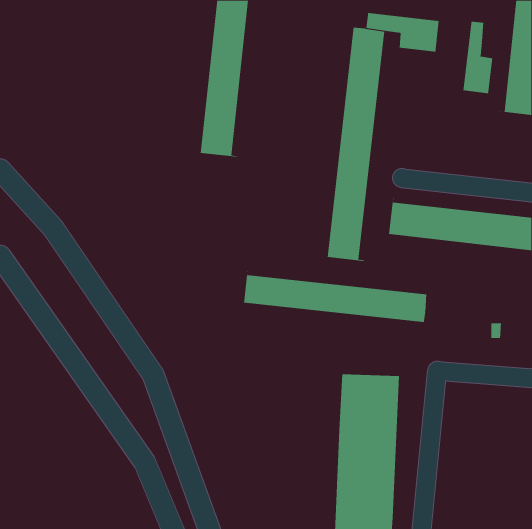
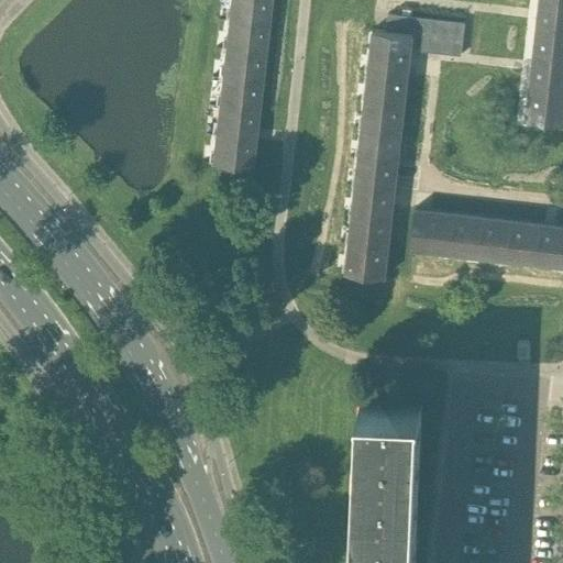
building: [463,21,493,94] -> none
building: [243,269,427,323] -> none

